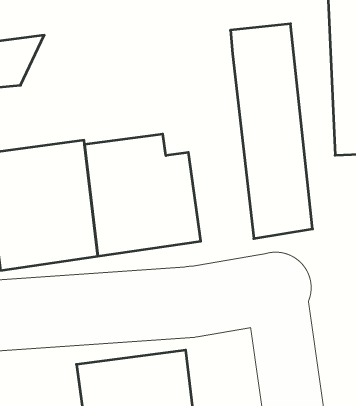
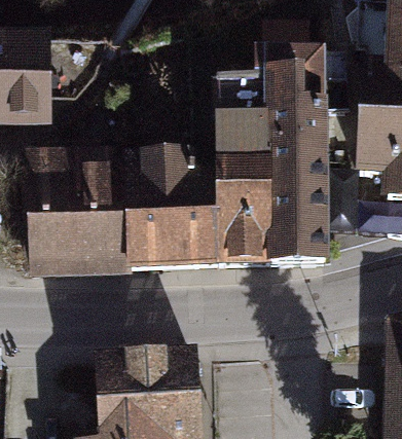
building: none -> [217,85,275,262]

